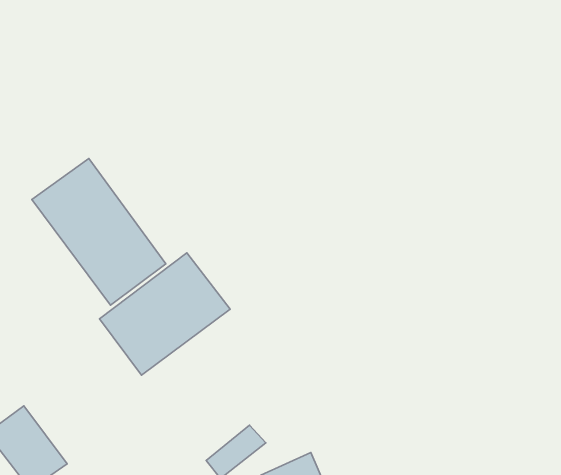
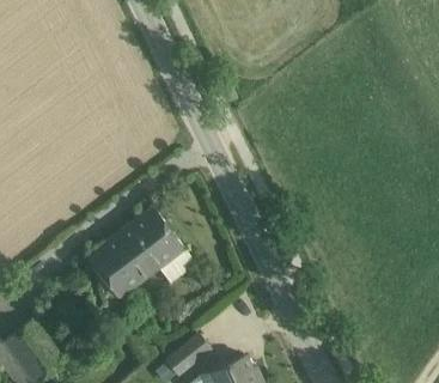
building: [32,159,166,305] -> none

